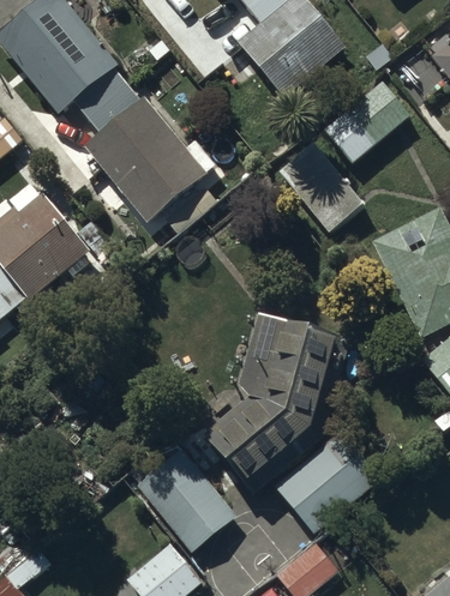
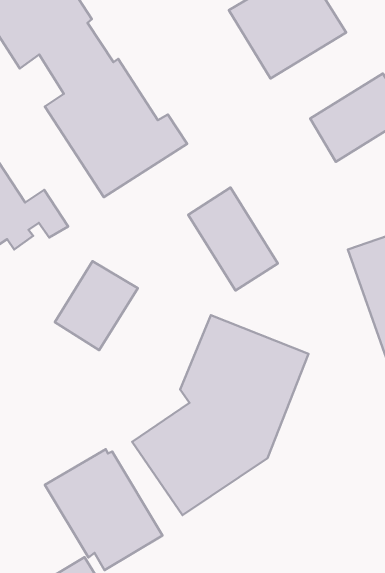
building: [278,142,364,233] -> [188,188,278,291]
building: none -> [55,261,138,350]
building: [276,433,382,535] -> none

